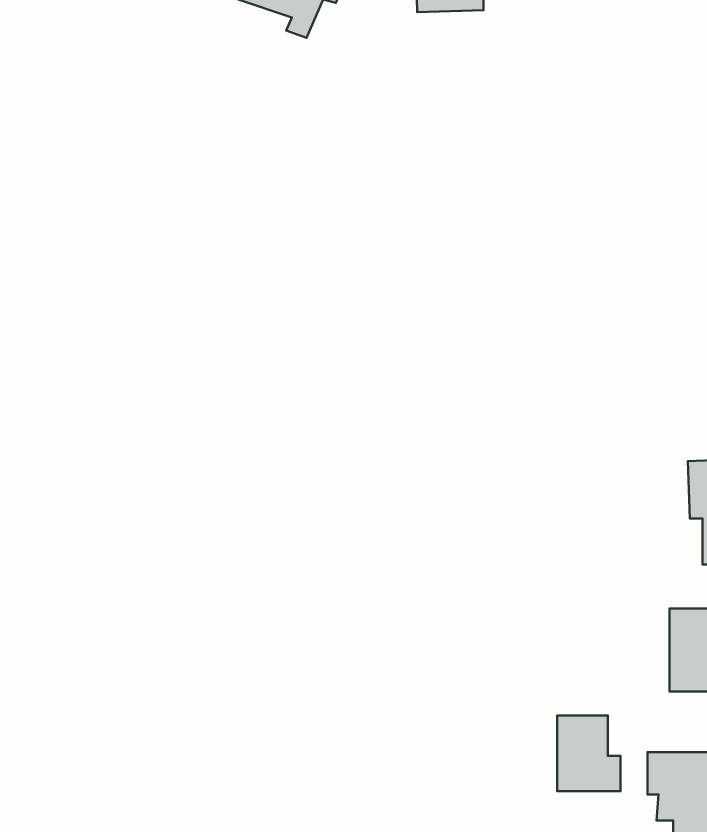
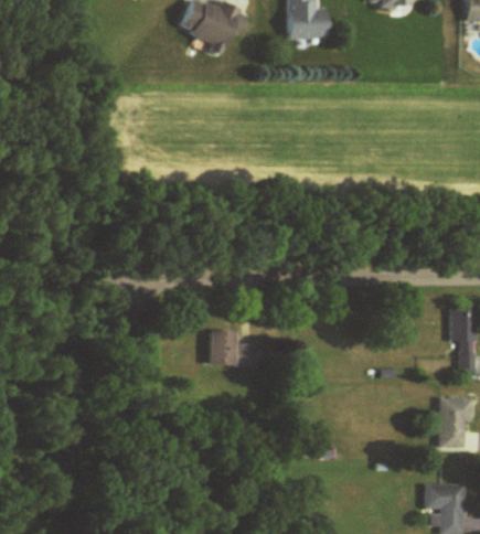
building: none -> [210,338,257,364]
building: [557,715,621,791] -> none

